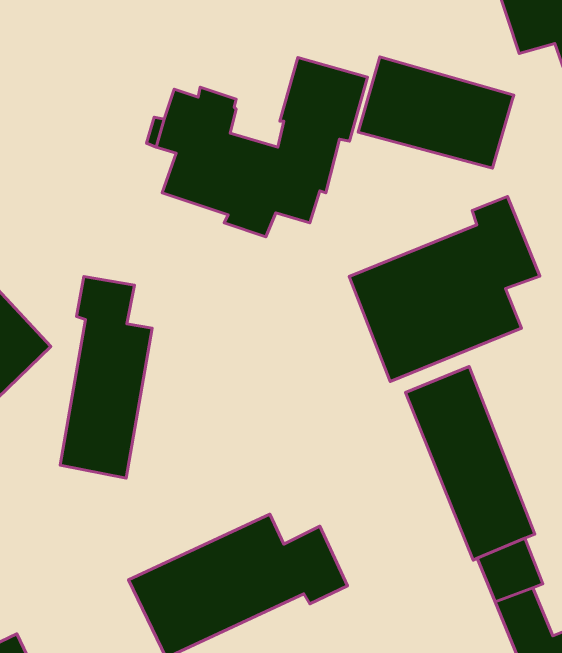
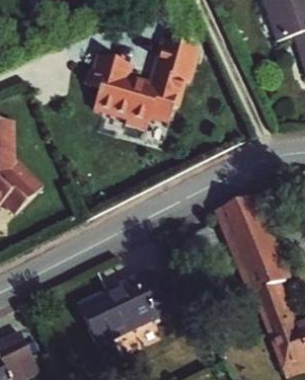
building: [358,57,514,168] -> none
building: [349,197,540,381] -> none
building: [60,276,152,478] -> none

